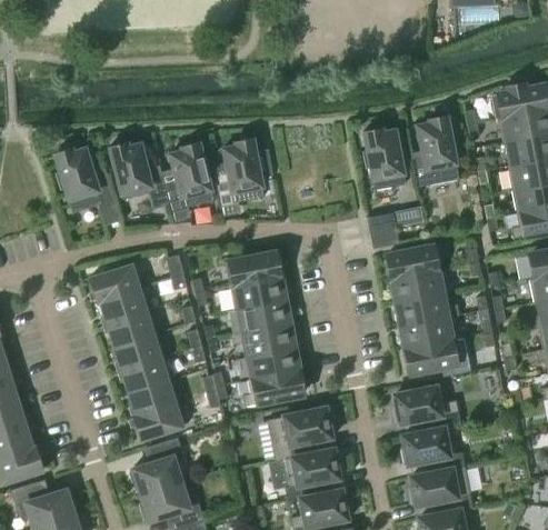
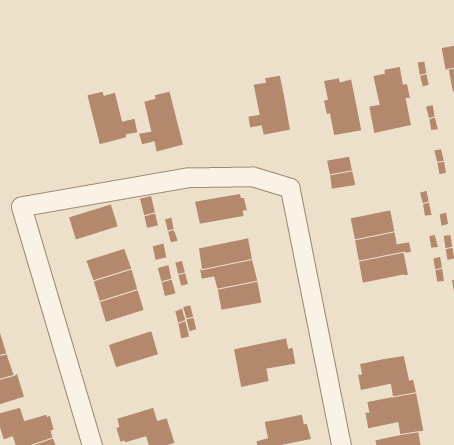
building: [217,138,263,202] -> [248,75,291,135]
building: [53,148,113,212] -> none
building: [385,242,447,279] -> none
building: [230,277,283,310] -> none
building: [101,288,150,324] -> none
building: [403,340,456,373] -> none
building: [242,370,305,406] -> none
building: [129,378,179,413] -> none
building: [392,386,460,430] -> none
building: [130,438,187,494] -> none
building: [285,449,342,502] -> none

